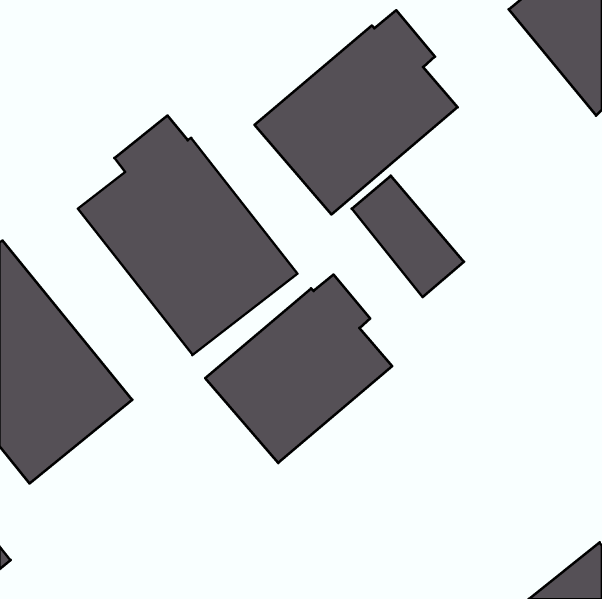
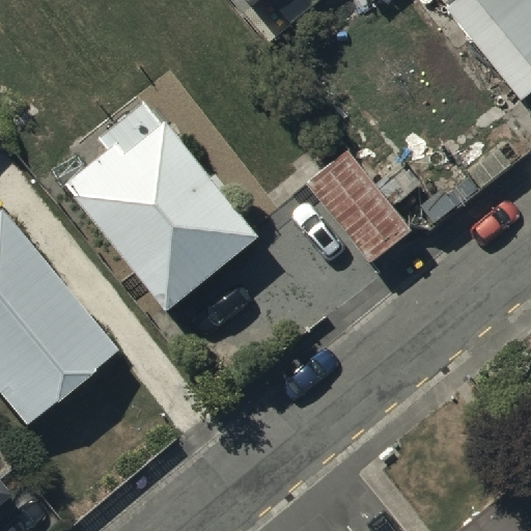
building: [255,10,458,214] -> none
building: [205,275,392,463] -> none

